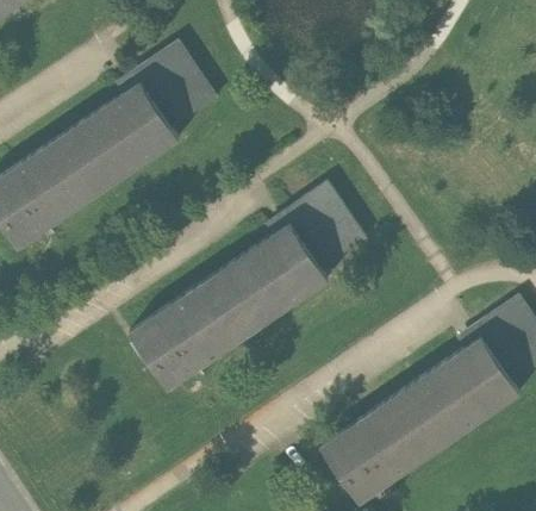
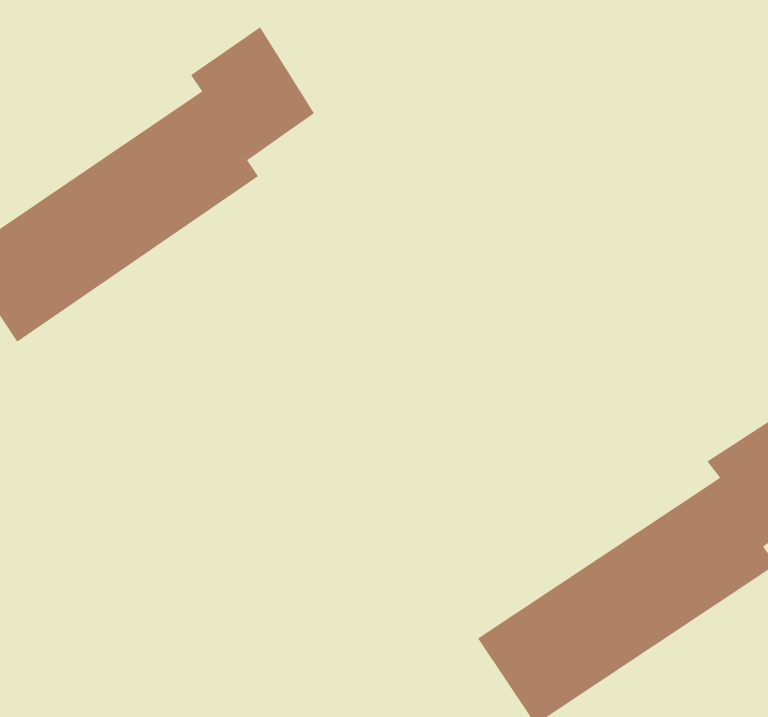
building: [131,182,364,387] -> none

